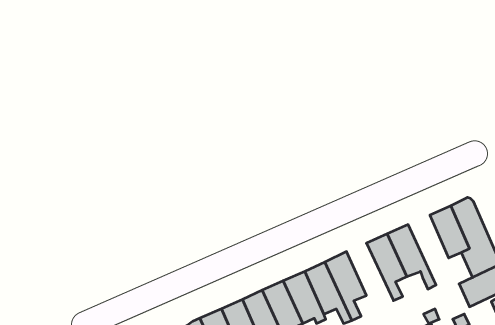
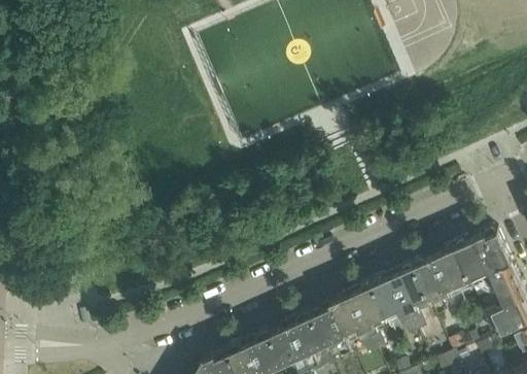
building: none -> [433,243,473,308]
building: none -> [373,271,419,332]

